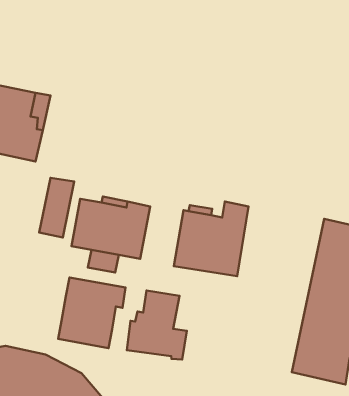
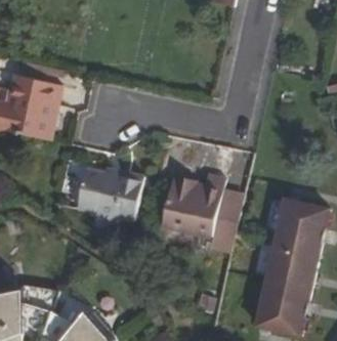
building: [58,277,125,348] -> none
building: [127,291,187,360] -> none

